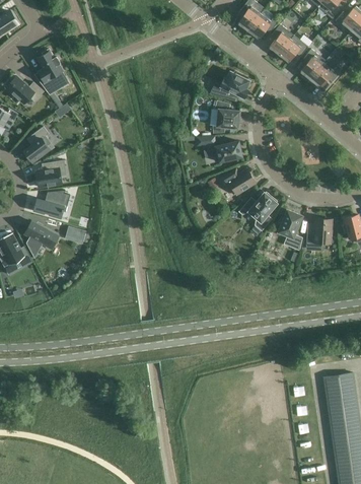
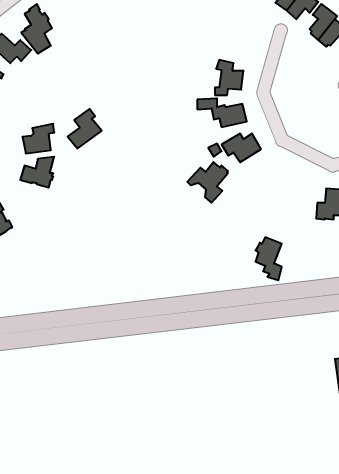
building: [210,70,248,99] -> none
building: [23,126,55,162] -> [68,109,102,148]
building: [239,193,277,230] -> [187,162,228,203]
building: [278,210,302,250] -> [255,237,282,280]
building: [25,221,59,247] -> none

